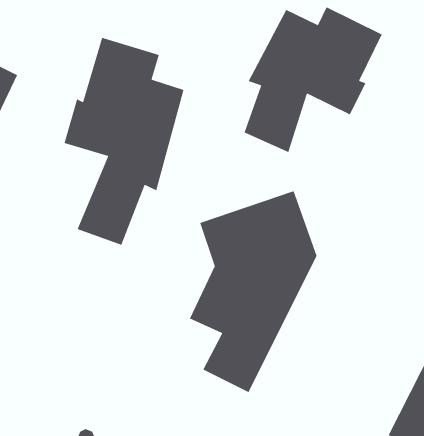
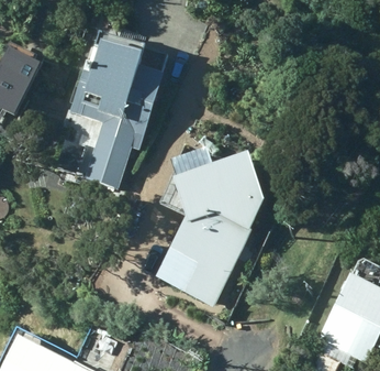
building: [243,6,383,153] -> none

